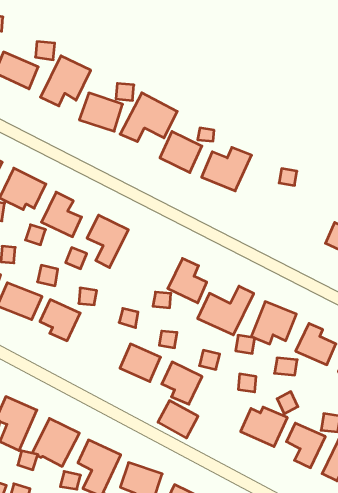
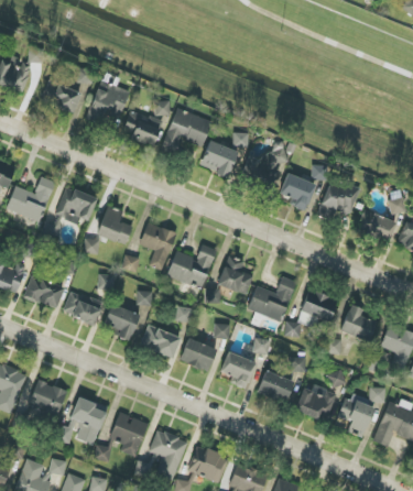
building: none -> [279,173,315,211]
building: none -> [317,179,358,219]
building: none -> [166,244,216,288]
building: none -> [141,326,180,357]
building: [158,401,198,438] -> [257,370,293,403]

